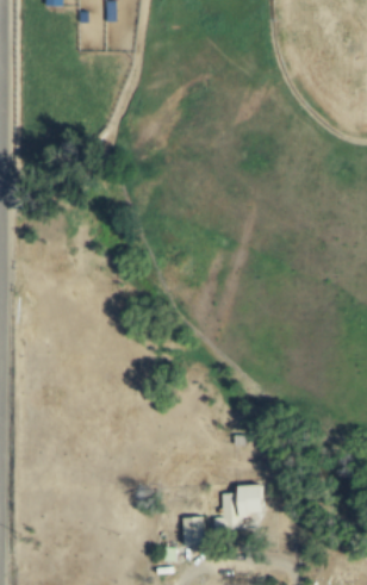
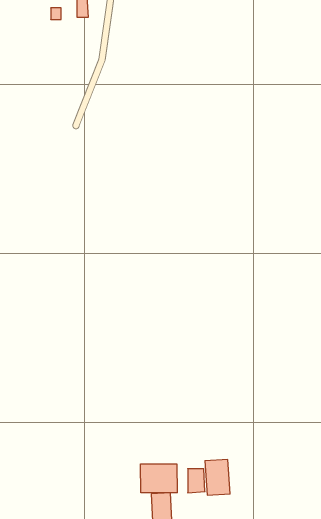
building: none -> [141,464,177,493]

